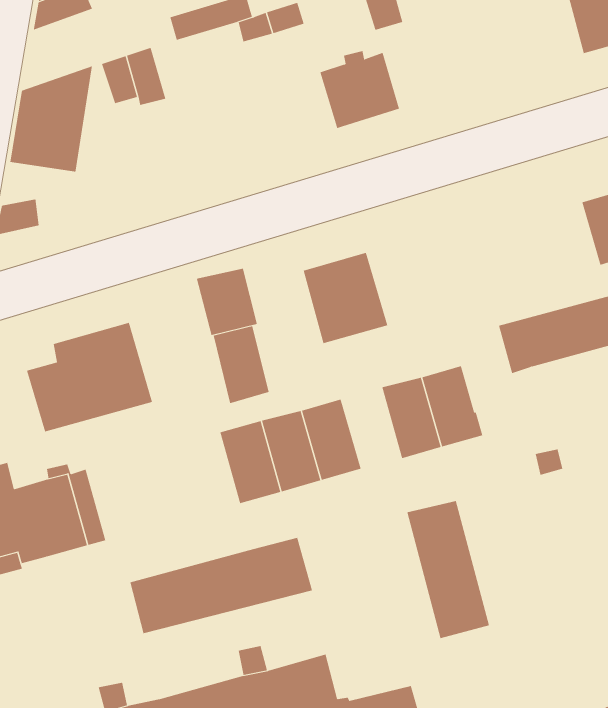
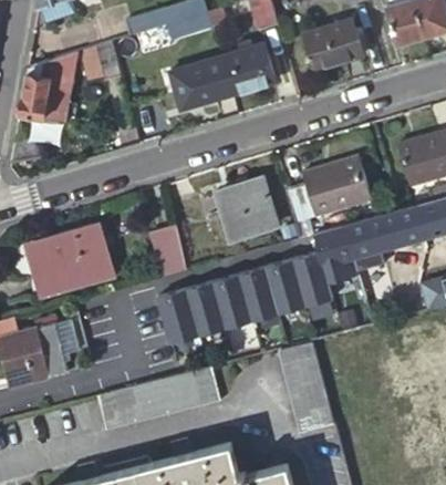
building: none -> [304,20,363,71]
building: none -> [172,58,234,111]
building: none -> [281,156,369,224]
building: [196,268,257,336] -> none
building: none -> [311,226,355,283]
building: none -> [237,267,277,321]

